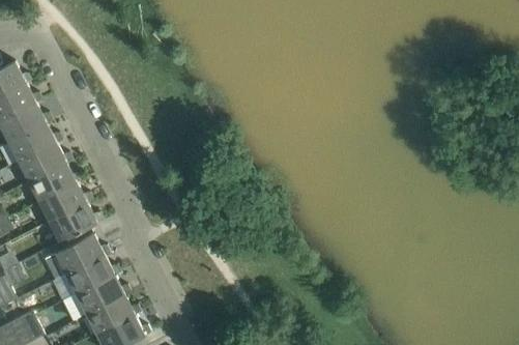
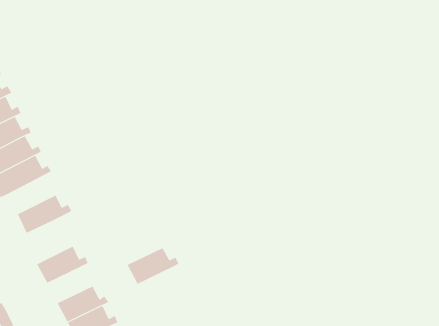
building: [35,183,90,224] -> none
building: [55,235,108,275] -> none
building: [76,277,128,314] -> [127,248,179,284]

